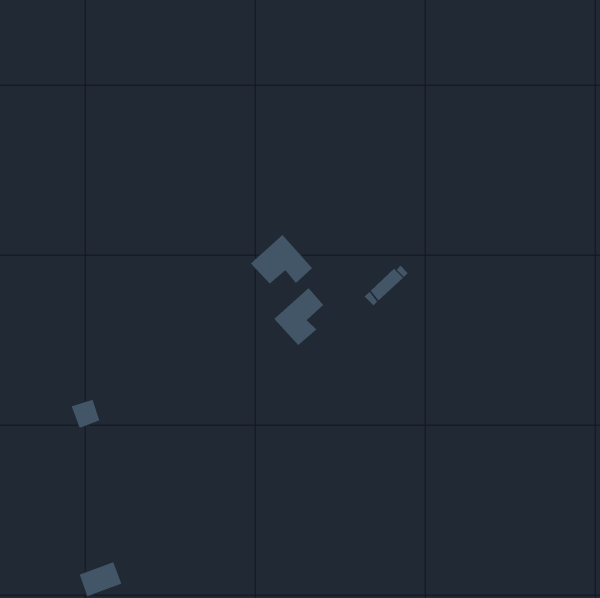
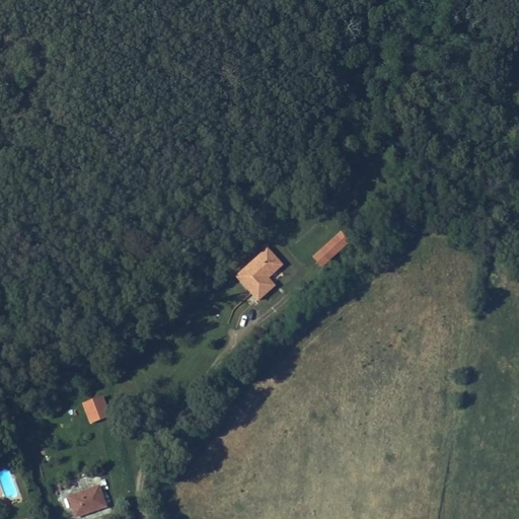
building: [250,234,313,285] -> none
building: [71,399,100,429] -> [83,396,108,422]

